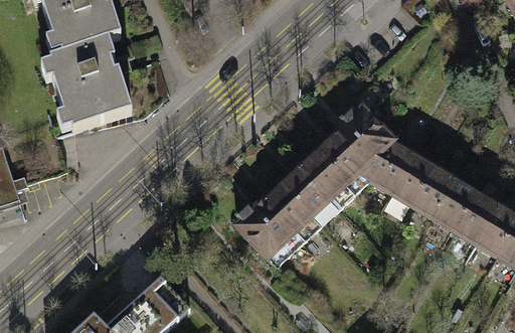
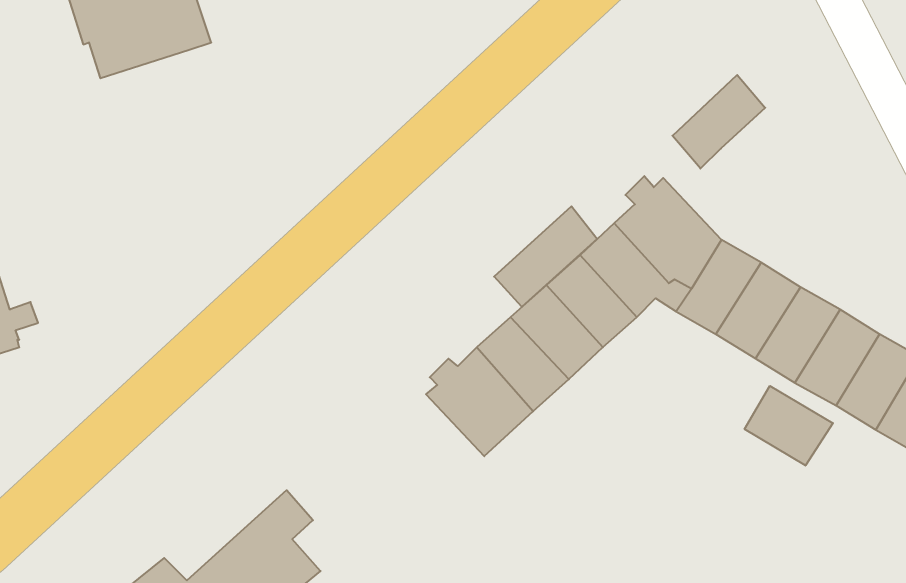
building: [49,39,132,130] -> none
building: none -> [672,75,765,169]
building: none -> [494,206,597,307]
building: none -> [745,386,833,466]

